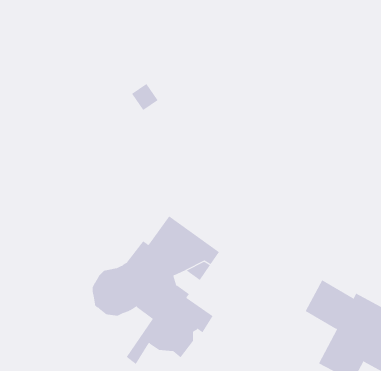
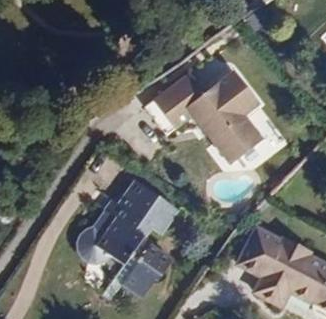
building: none -> [146,70,262,162]

